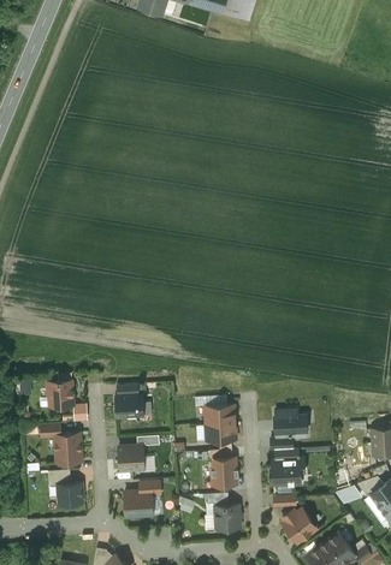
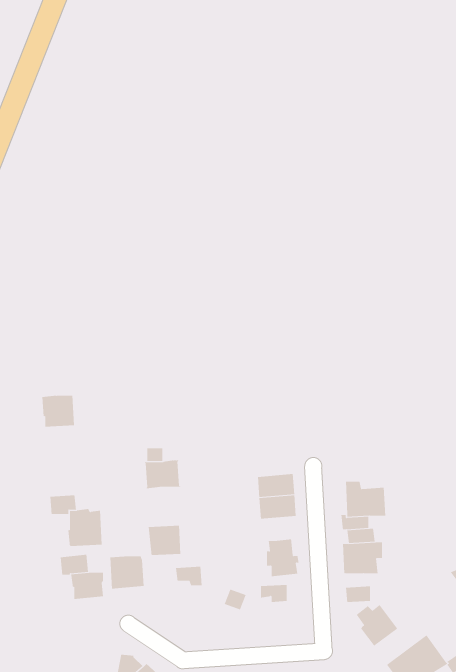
building: [47,381,73,406] -> [41,395,75,427]
building: [125,490,153,517] -> [109,556,144,589]
building: [215,505,241,529] -> none

